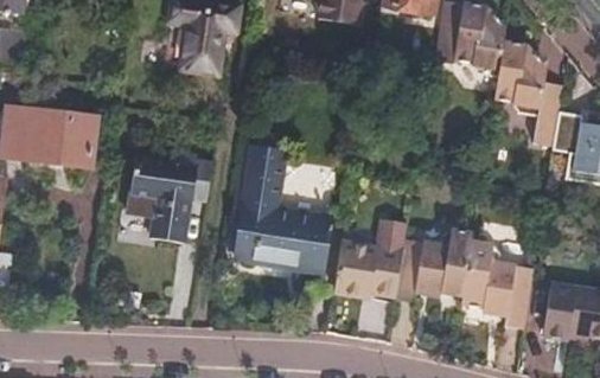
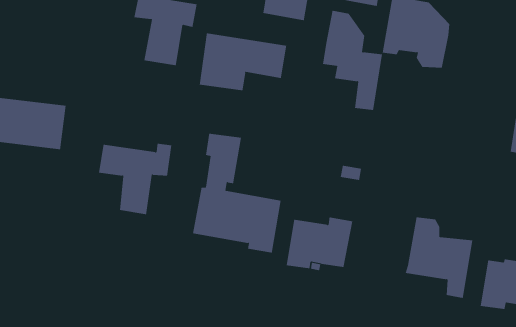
building: none -> [199,33,287,91]
building: [498,43,563,150] -> [322,10,383,110]
building: [396,224,475,301] -> none

